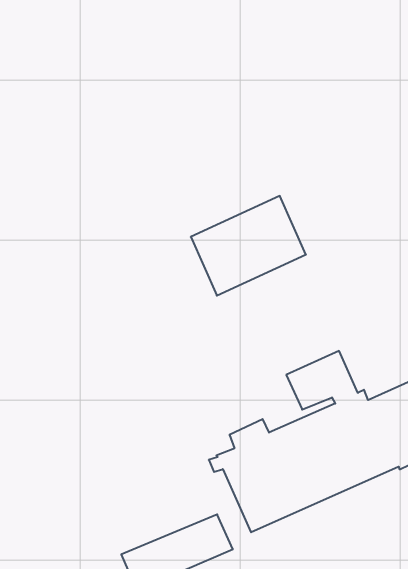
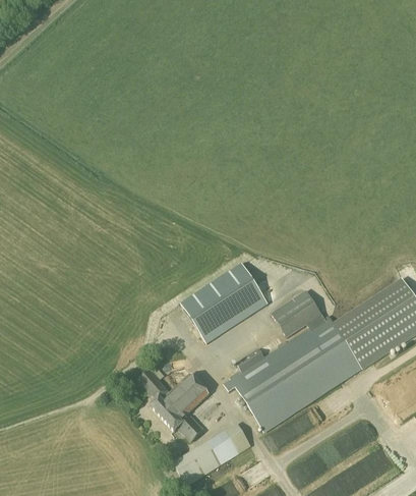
building: [191,196,306,296] -> [182,263,268,342]
building: none -> [139,368,211,441]

